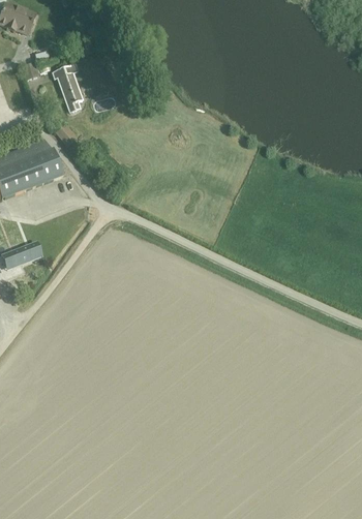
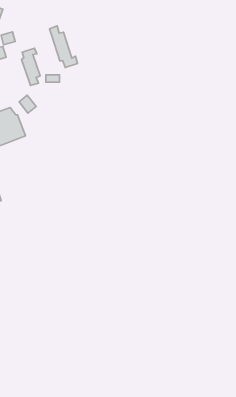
building: none -> [49,26,77,68]

